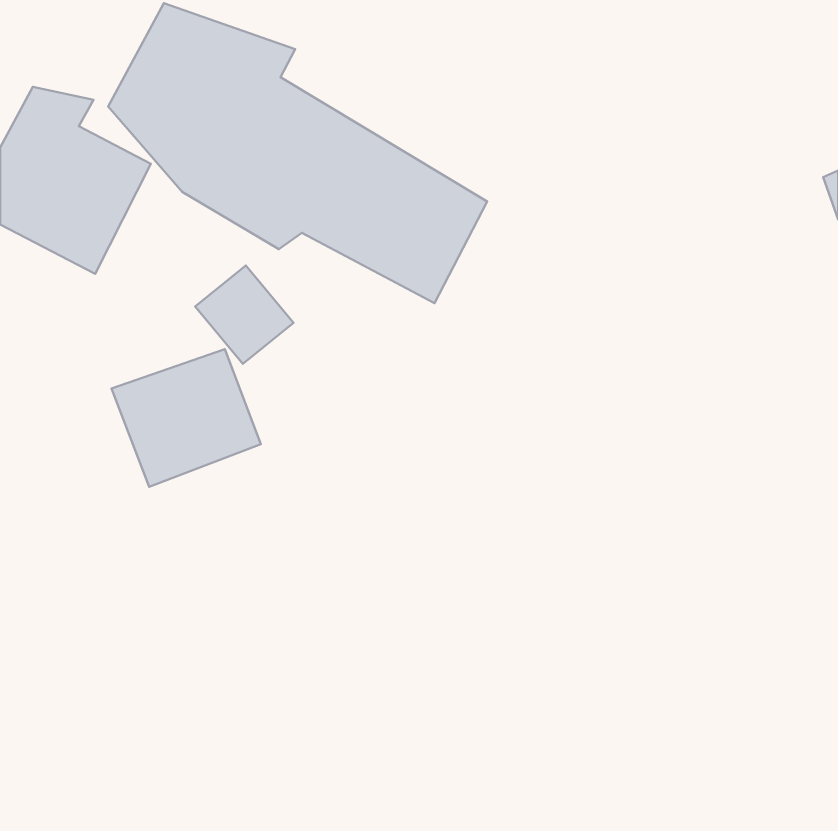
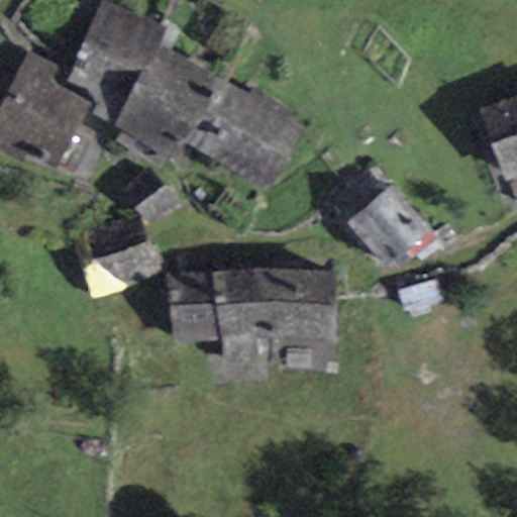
building: none -> [339,184,428,272]
building: none -> [172,272,335,343]

